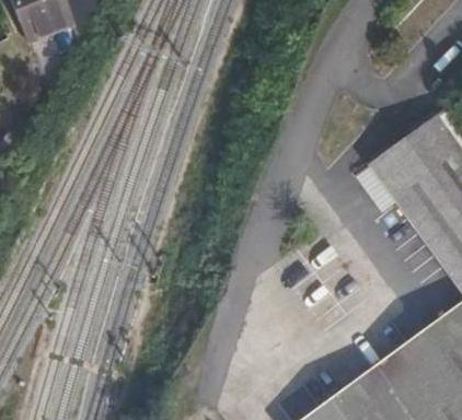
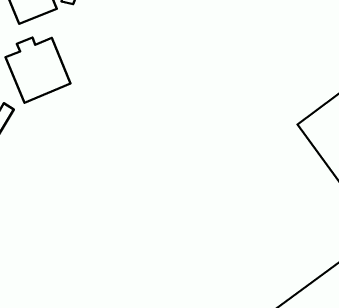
building: none -> [5,38,71,103]

